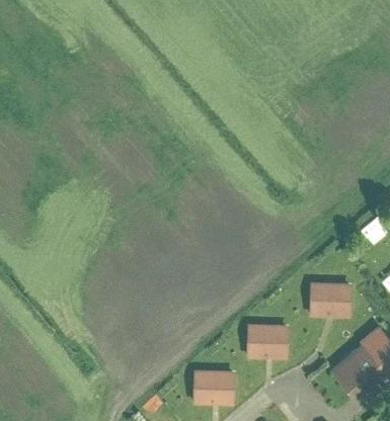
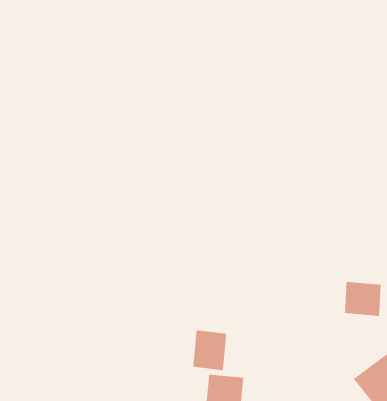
building: [255,327,288,355] -> none
building: none -> [192,329,227,371]

